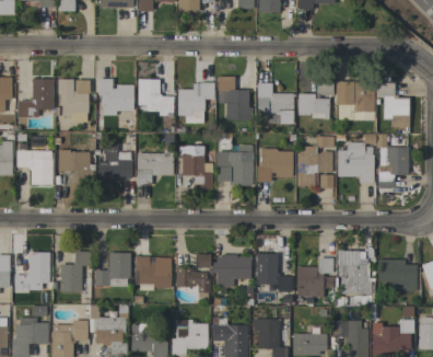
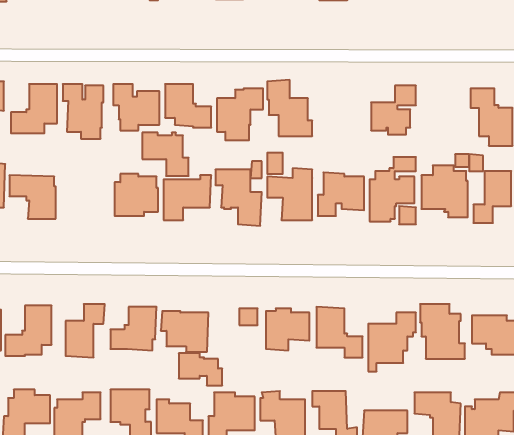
building: [338,78,375,119] -> none
building: [257,83,293,124] -> none
building: [58,150,94,184] -> [142,133,189,176]
building: [176,267,210,292] -> [179,353,222,385]

